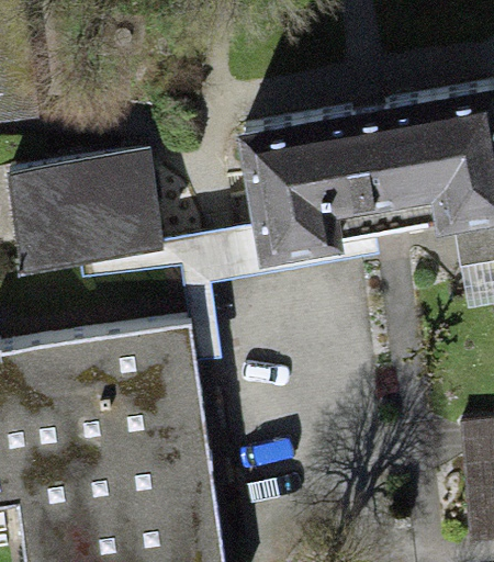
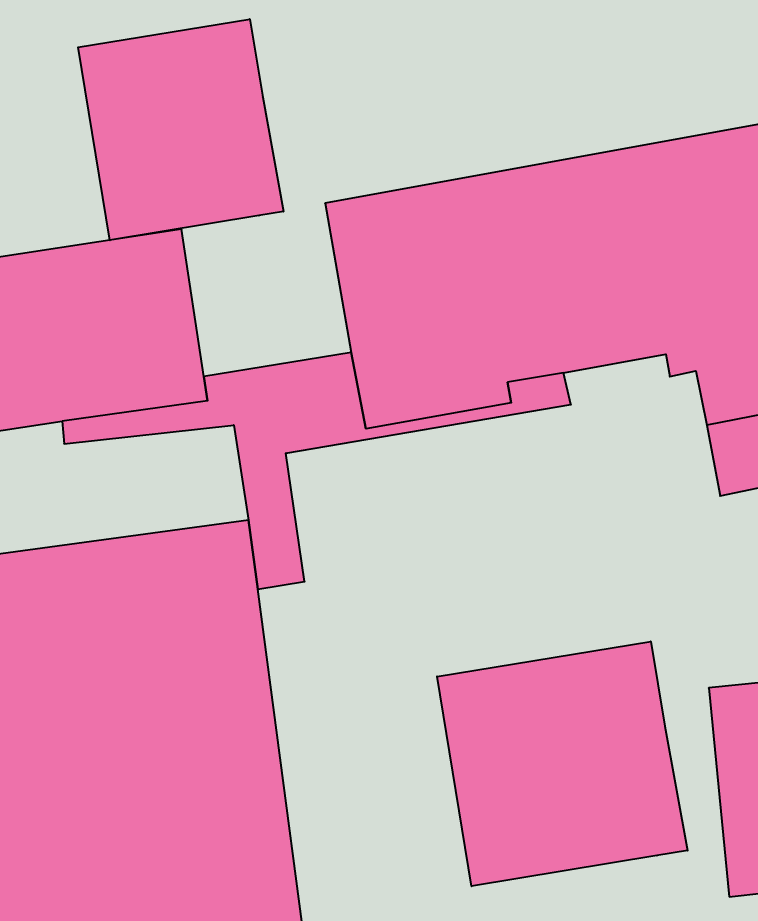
building: none -> [78,19,283,240]
building: none -> [437,641,688,886]

